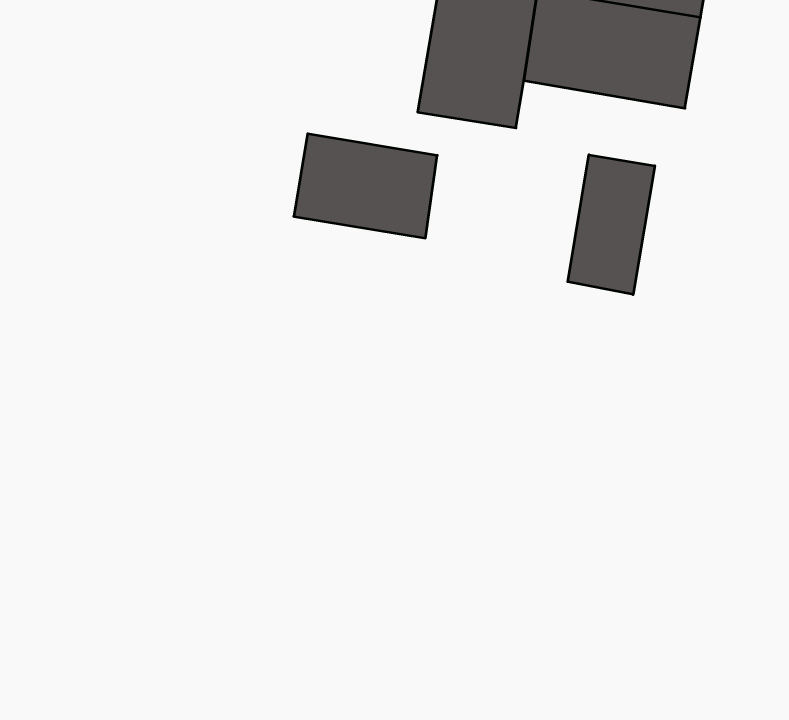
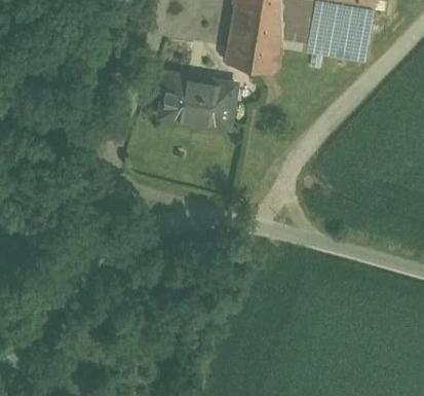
building: [568,155,655,295] -> none

